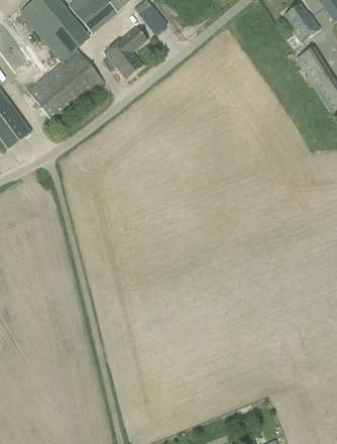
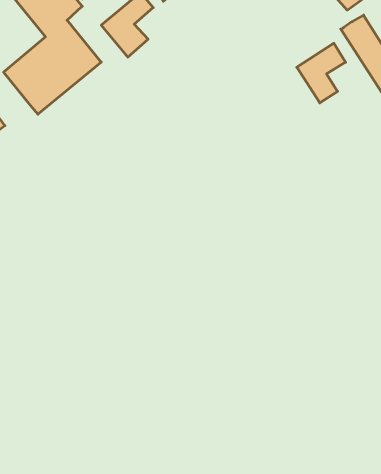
building: none -> [297,43,346,103]

